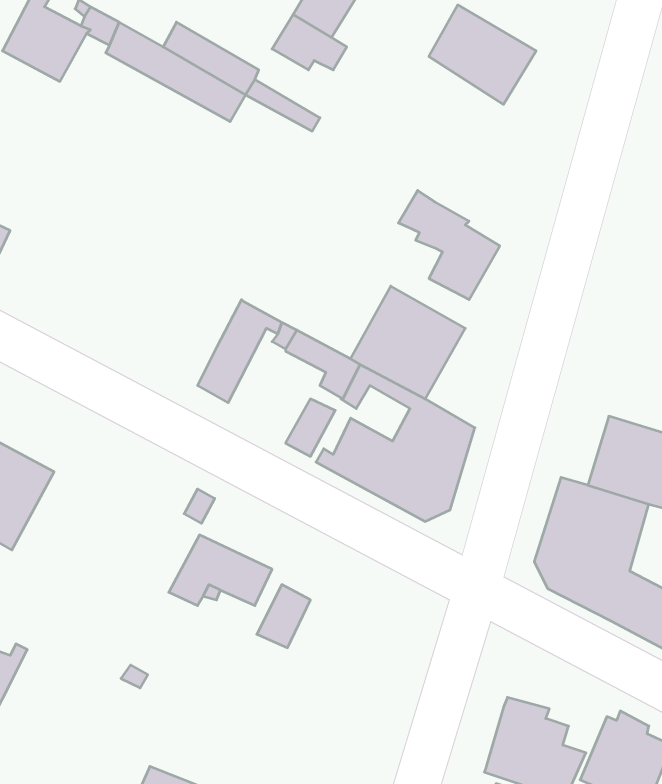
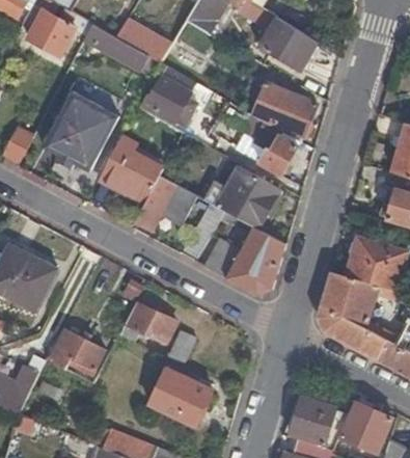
building: none -> [153,79,199,129]
building: none -> [252,83,317,143]
building: none -> [43,96,117,174]
building: none -> [100,137,163,201]
building: none -> [47,328,104,370]
building: none -> [149,368,212,425]

